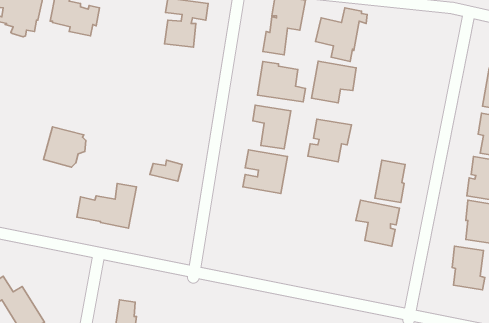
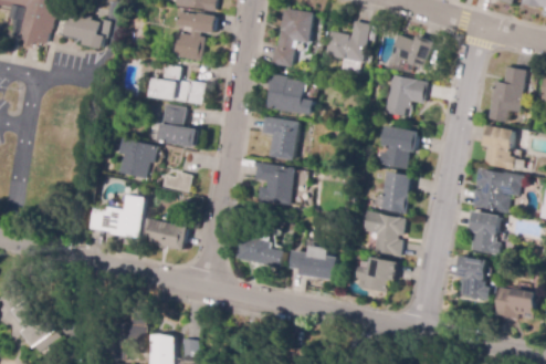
building: none -> [388,34,435,72]
building: none -> [150,63,207,105]
building: [311,61,356,103] -> [384,75,428,116]
building: none -> [157,105,201,147]
building: [308,119,352,162] -> [377,127,420,169]
building: [43,127,86,167] -> [118,139,160,179]
building: none -> [143,219,189,250]
building: none -> [235,235,284,268]
building: none -> [290,245,337,280]
building: none -> [353,257,398,293]

